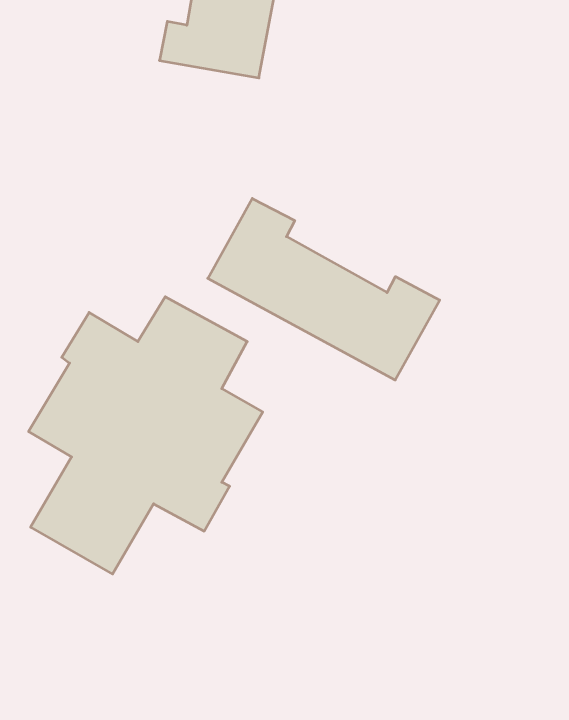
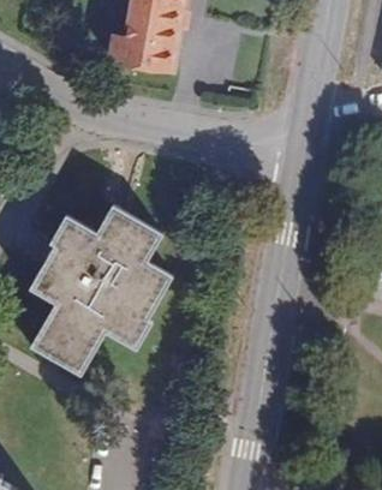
building: [208,198,440,380] -> none

